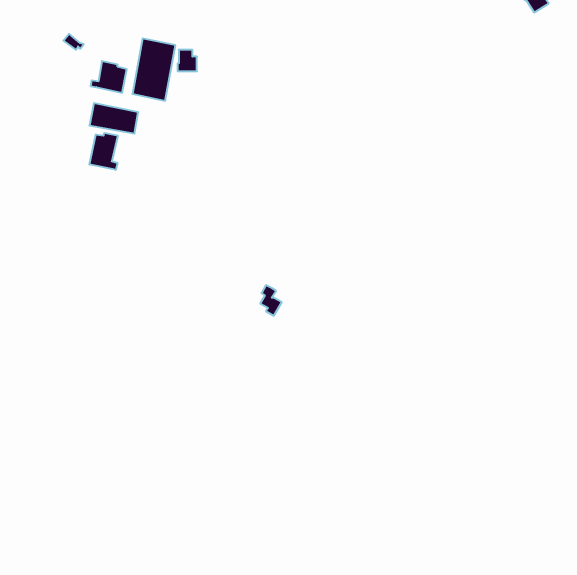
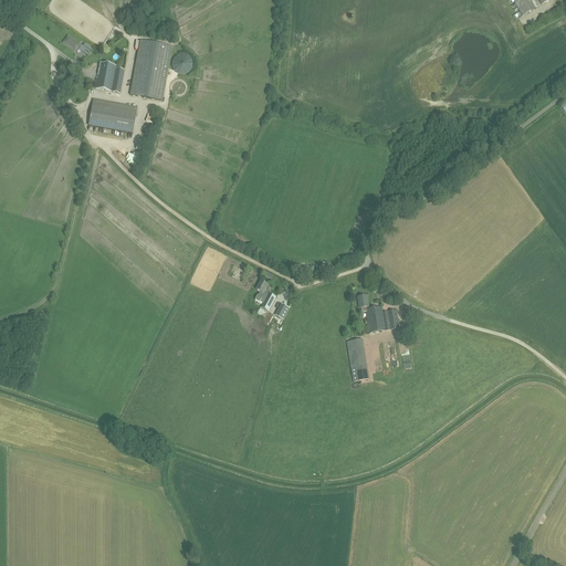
building: [89,133,118,170] -> none
building: none -> [357,293,398,331]
building: none -> [346,337,368,379]

